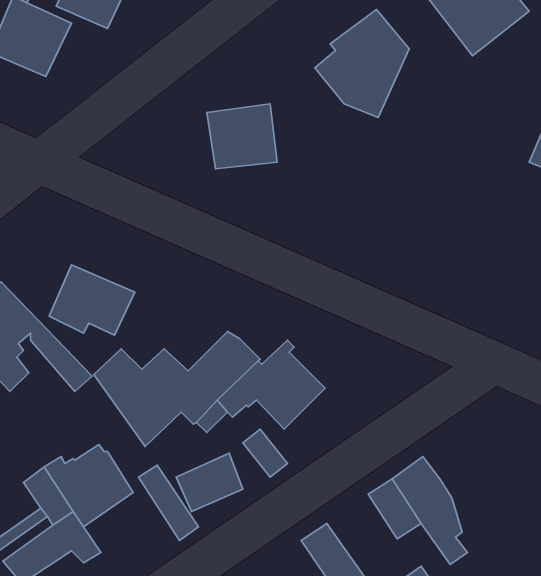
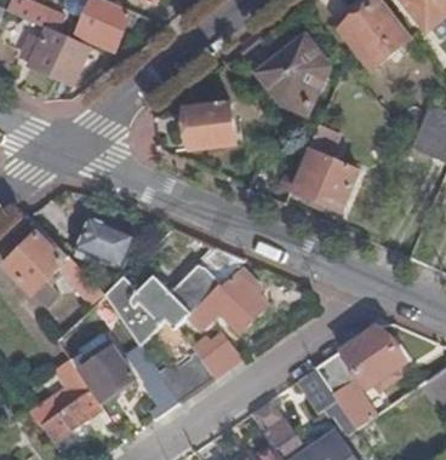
building: none -> [293,123,358,209]
building: none -> [341,326,406,389]

